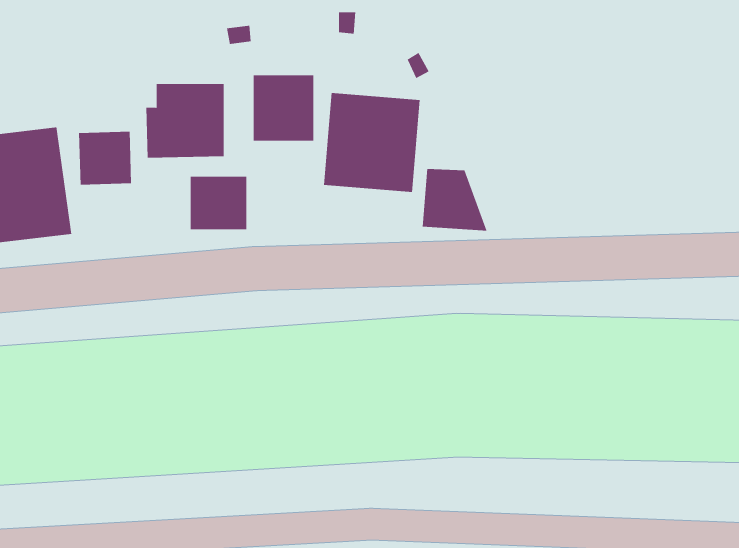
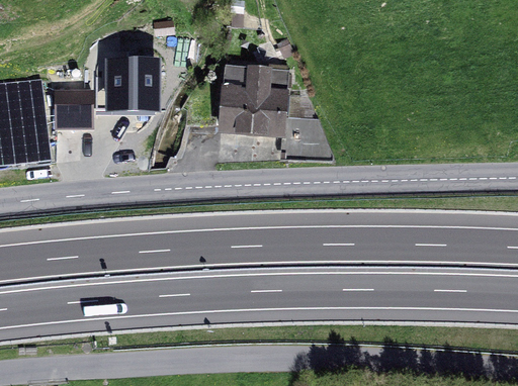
building: [253,74,314,141] -> none
building: [190,176,247,230] -> none

